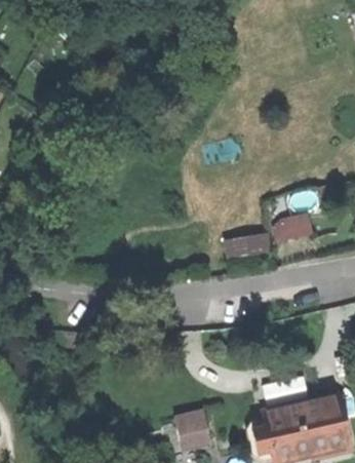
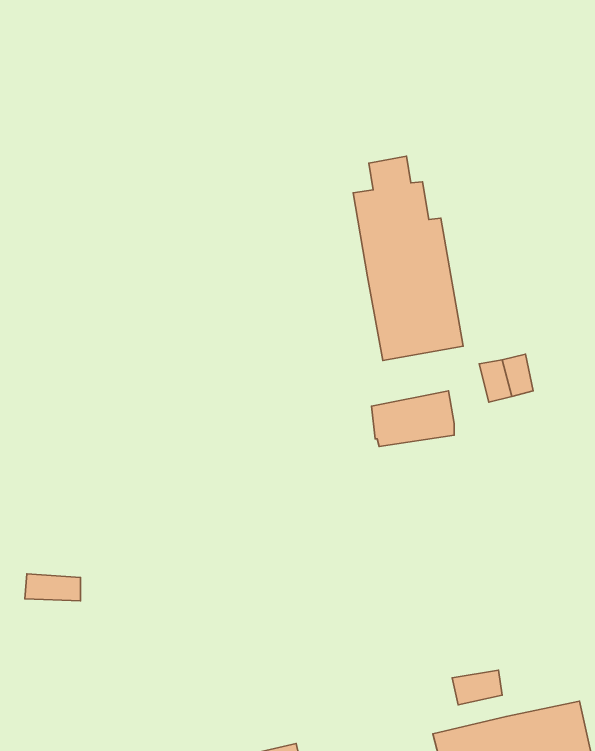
building: none -> [353,156,463,360]

